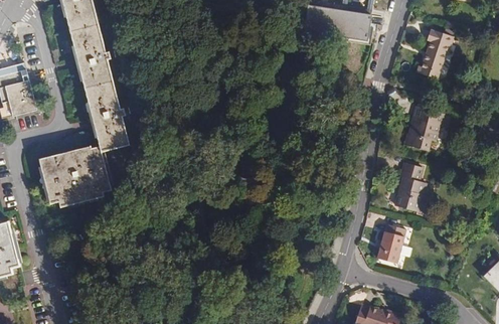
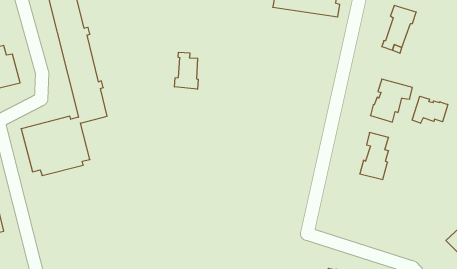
building: none -> [175,52,198,89]
building: none -> [412,96,448,123]
building: [375,222,405,263] -> none

